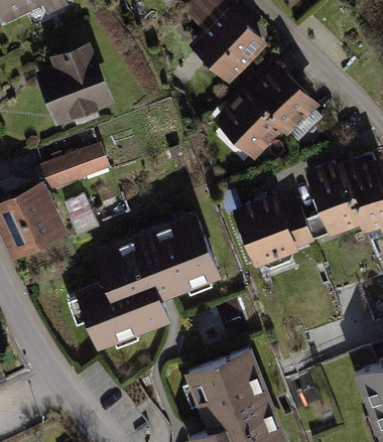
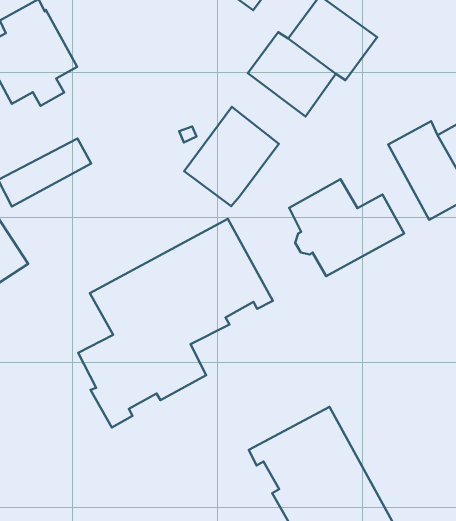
building: none -> [184,107,279,206]

